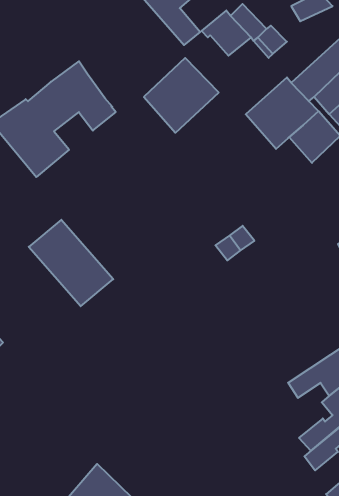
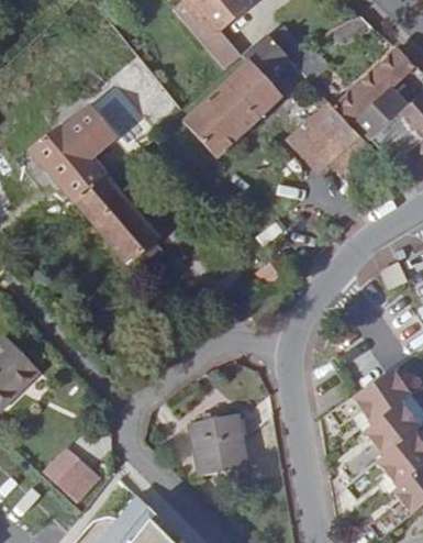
building: none -> [225,58,282,117]
building: [29,220,113,306] -> [75,175,160,263]
building: none -> [190,413,247,474]
building: none -> [57,458,100,502]

